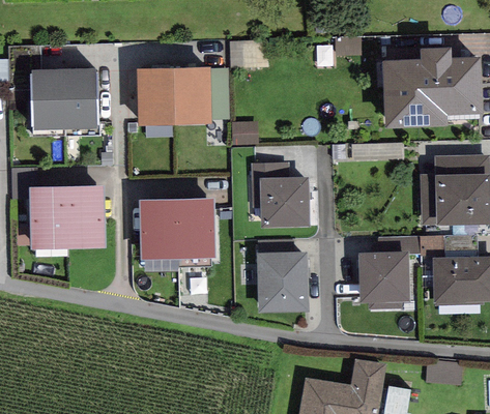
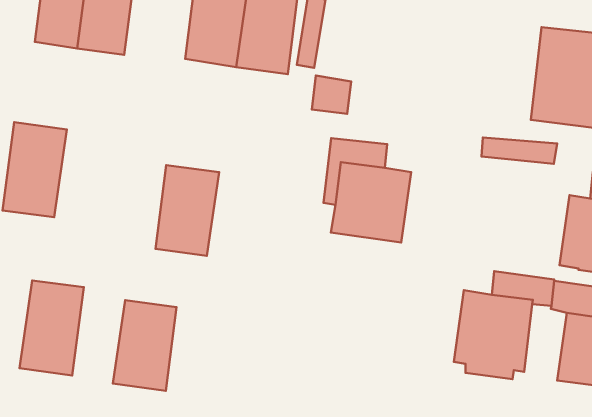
building: [66,185,105,248] -> [19,280,84,375]
building: [176,198,214,258] -> [113,300,176,391]
building: [257,252,308,313] -> none

